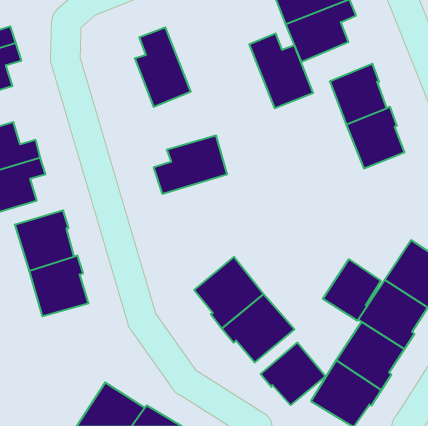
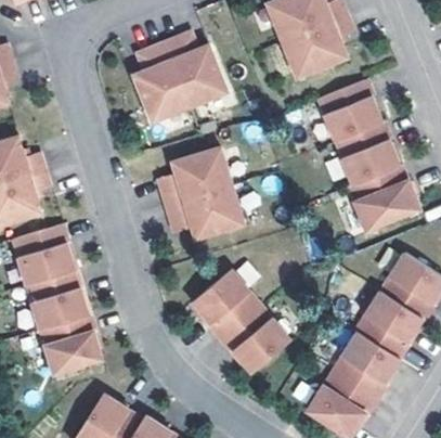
building: [249,33,313,108] -> [164,33,226,106]
building: none -> [354,165,416,228]
building: none -> [160,188,236,242]
building: [323,259,381,321] -> none
building: none -> [42,313,101,373]
building: [261,343,325,405] -> none

